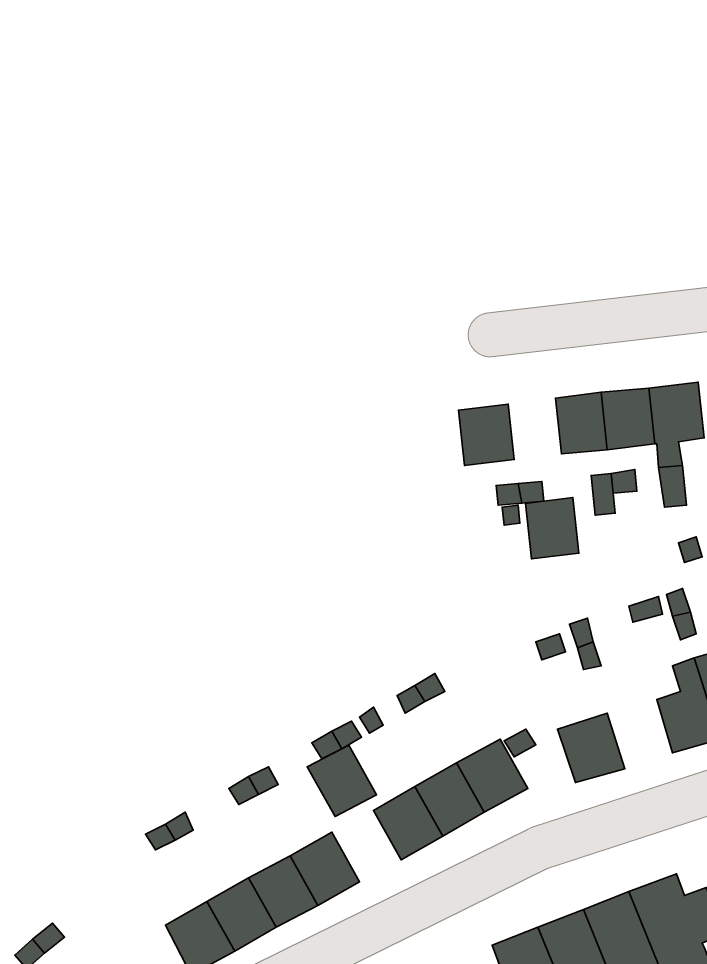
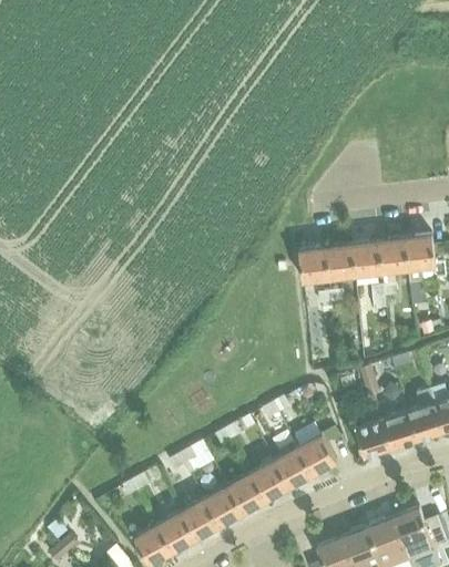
building: [525,498,579,559] -> [326,244,356,278]
building: none -> [381,412,418,451]
building: [307,745,377,816] -> [227,474,266,514]

